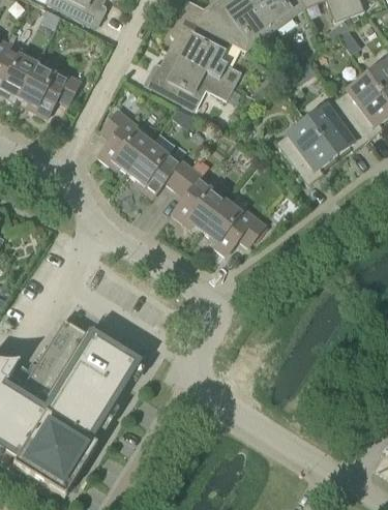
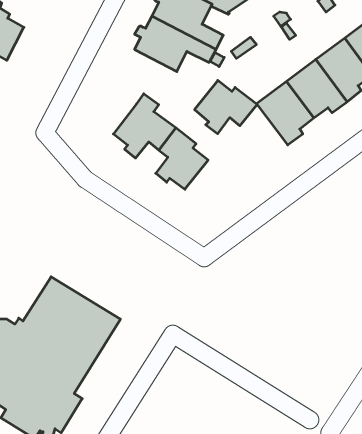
building: [19,63,81,118] -> none
building: [97,109,152,173] -> none
building: [202,200,266,254] -> [195,80,257,134]

